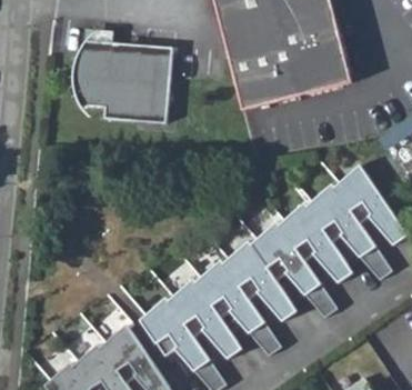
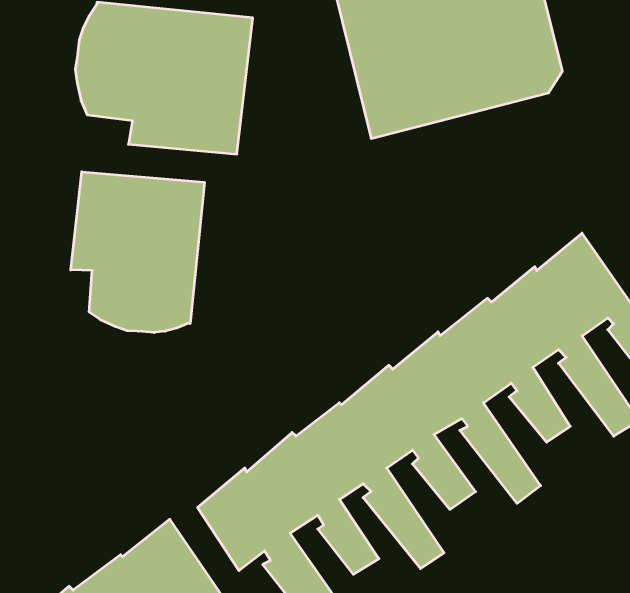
building: none -> [71,172,204,333]

